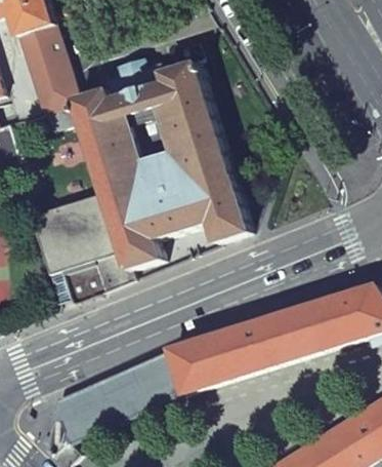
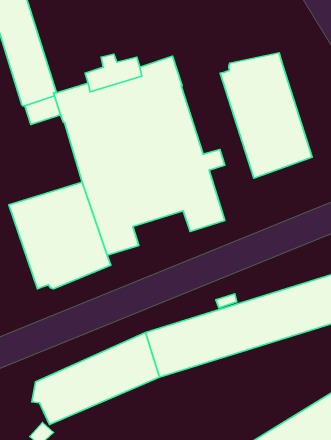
building: none -> [220,53,312,178]

